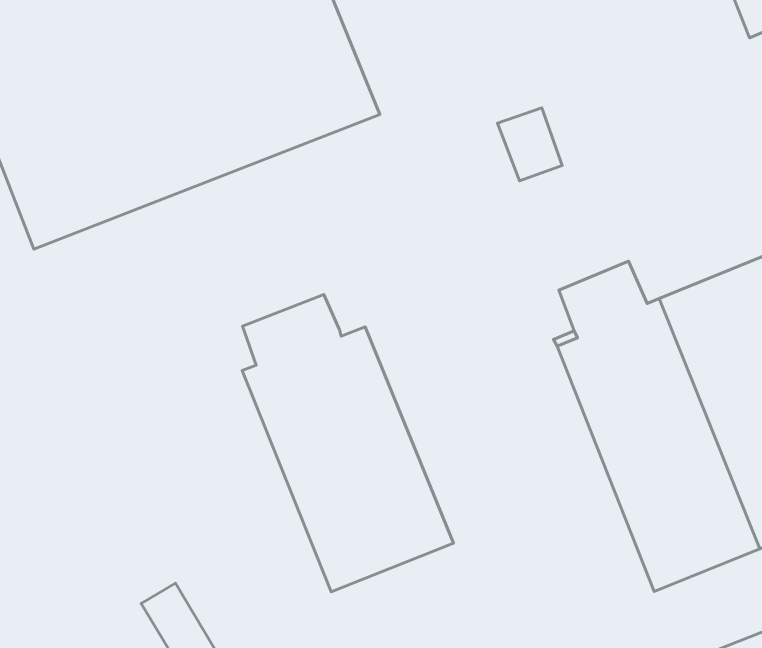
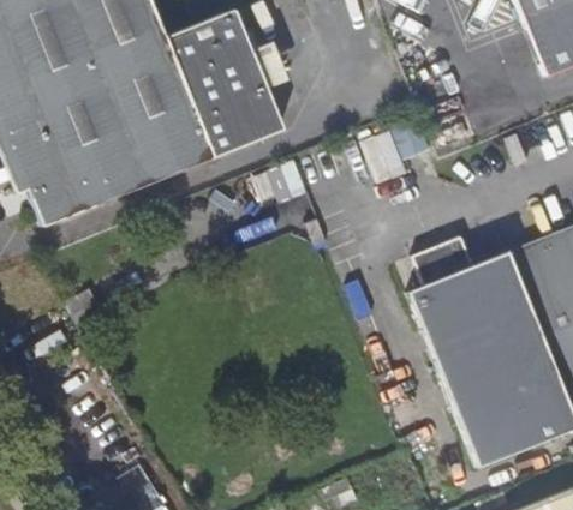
building: [242,294,453,592] -> none

